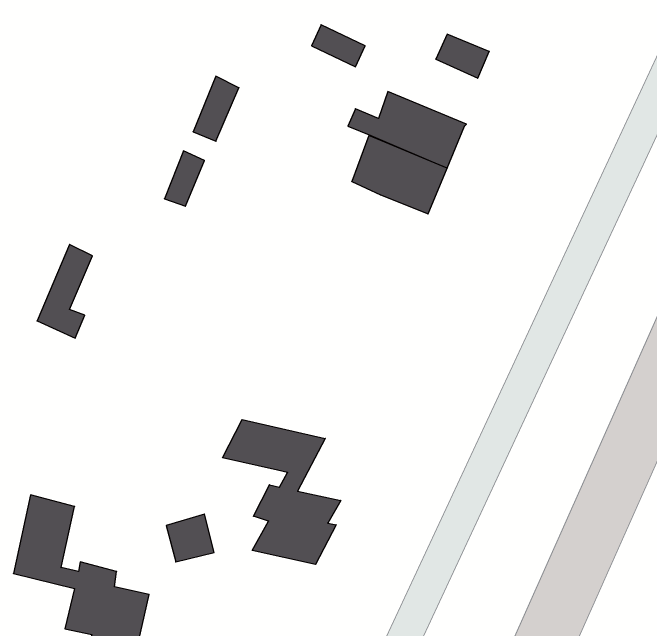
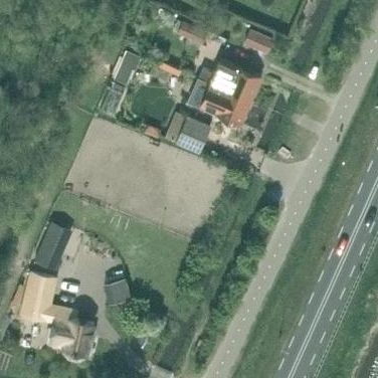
building: none -> [177,119,209,150]
building: [37,244,92,338] -> [36,219,65,268]
building: [223,420,341,564] -> none

